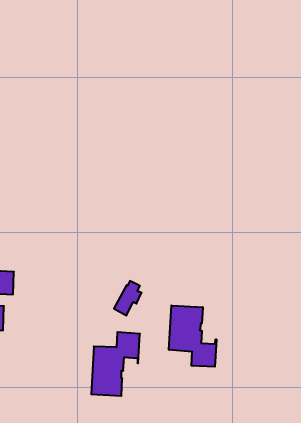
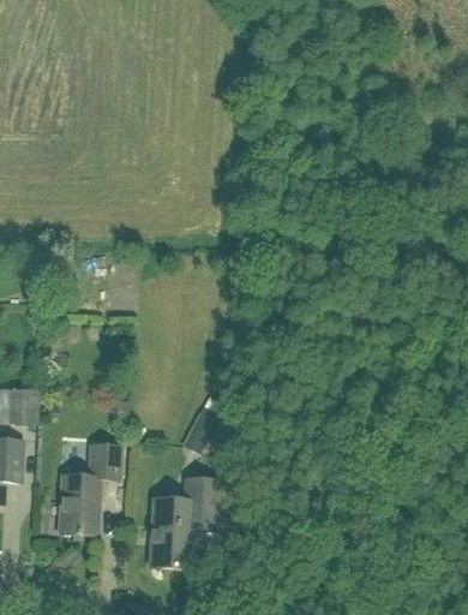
building: [169,305,216,367] -> none
building: none -> [60,444,122,533]

